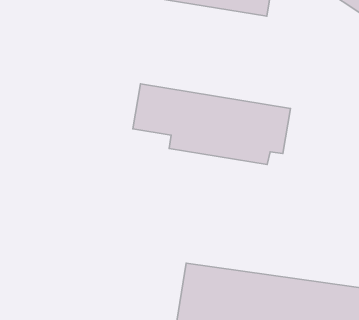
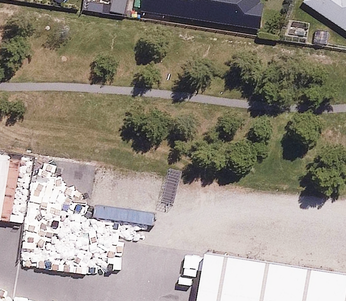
building: [133,84,290,165] -> none

